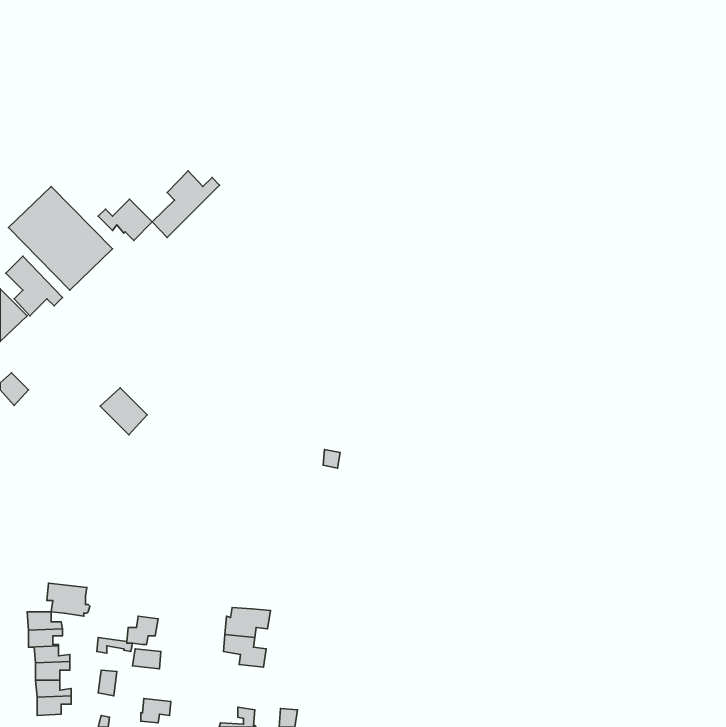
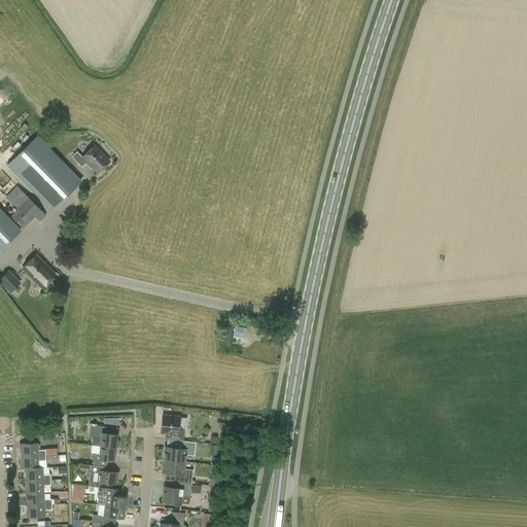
building: [152,171,220,238] -> none
building: [100,388,147,435] -> [23,254,57,288]
building: none -> [161,414,184,441]
building: [47,583,90,616] -> [89,424,119,448]
building: none -> [163,481,191,502]
building: none -> [98,487,127,507]

